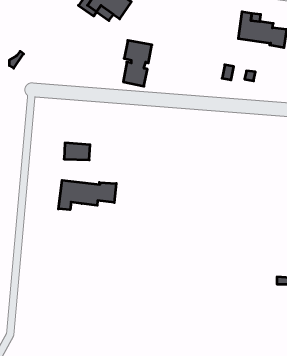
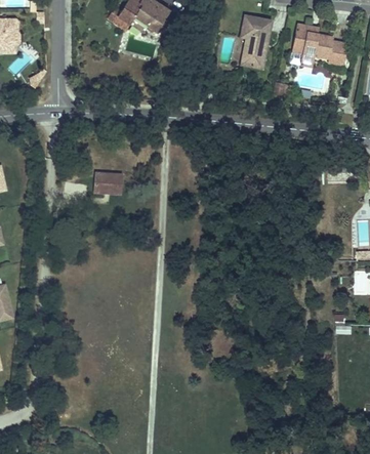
building: [123,40,152,86] -> [240,16,273,69]
building: [58,180,116,210] -> none

